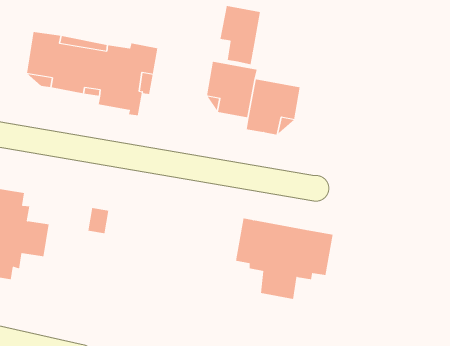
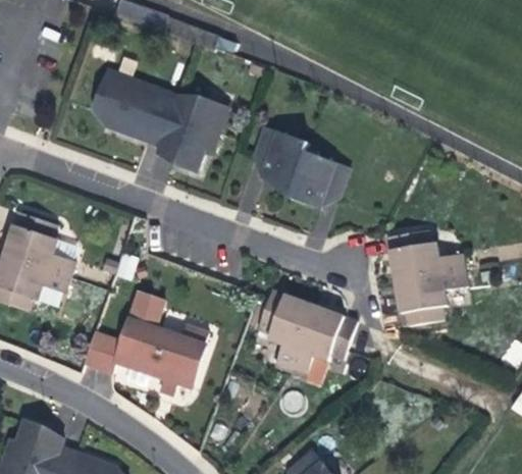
building: [220,5,261,65] -> none
building: none -> [388,232,468,327]
building: none -> [83,289,210,396]

